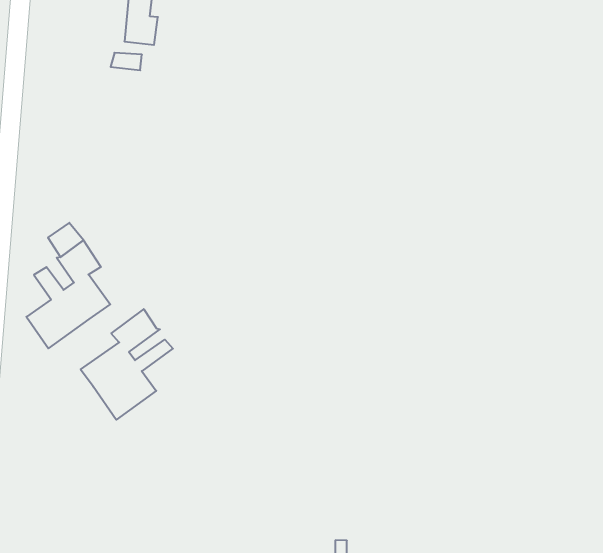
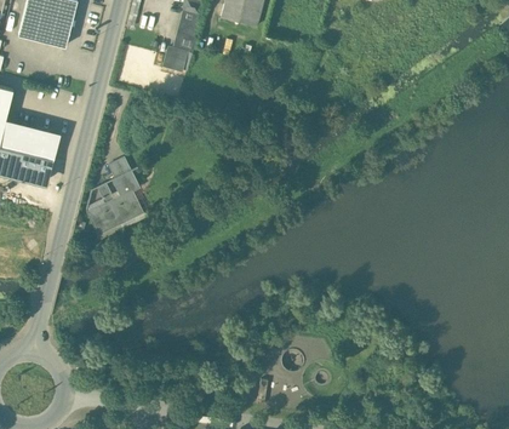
building: [81,309,173,420] -> none

